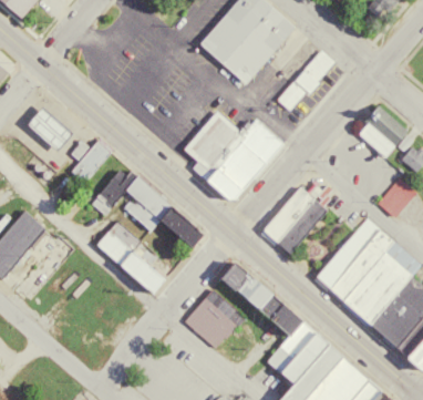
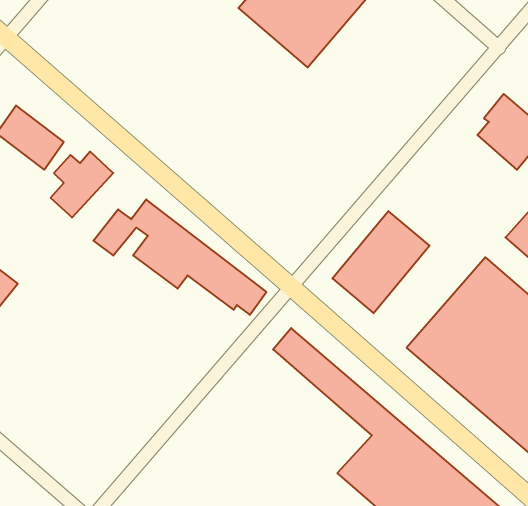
building: [275,51,330,111] -> none
building: [188,116,288,206] -> none
building: [102,234,176,299] -> none
building: [182,285,241,346] -> none

